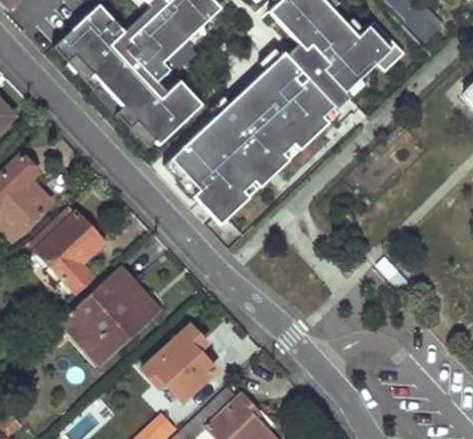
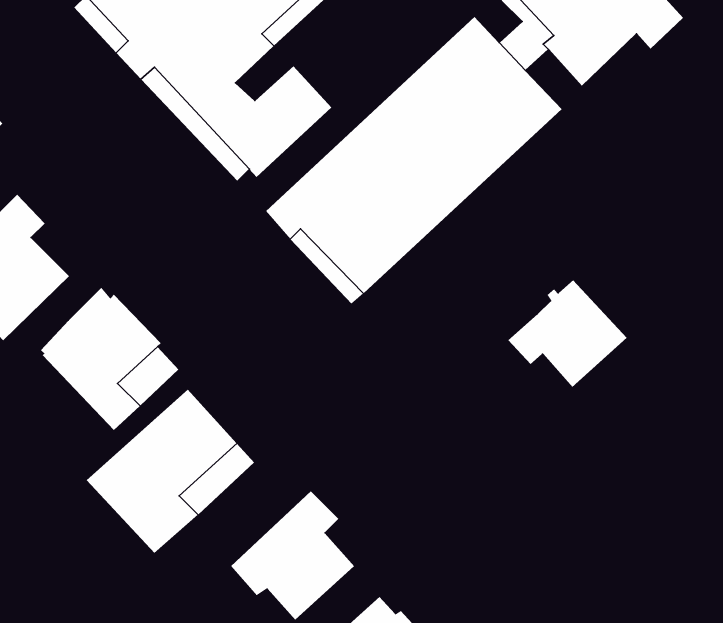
building: none -> [507,280,627,388]

